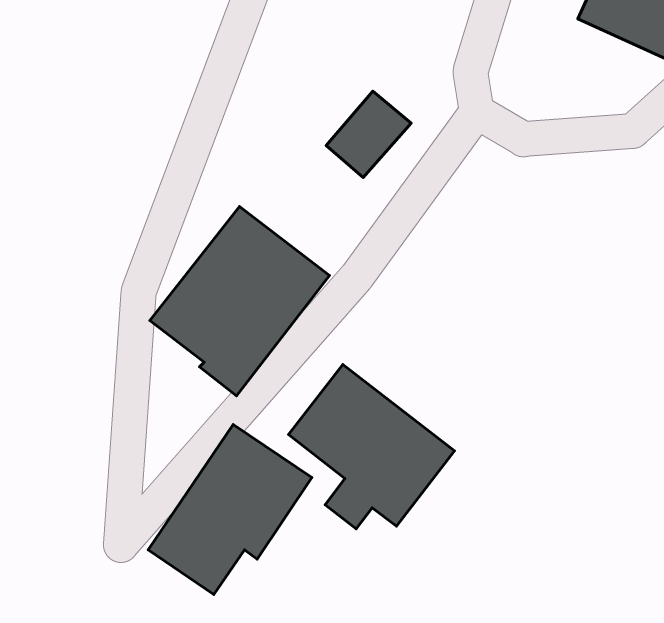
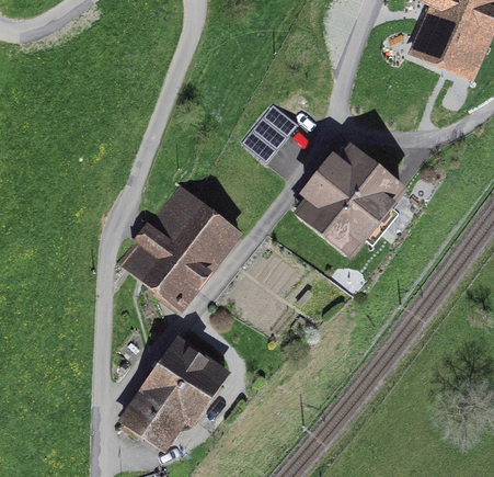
building: none -> [294,139,406,254]
building: [289,364,454,529] -> none

